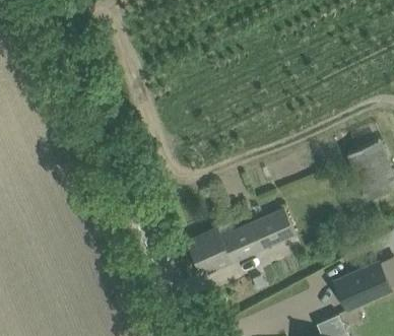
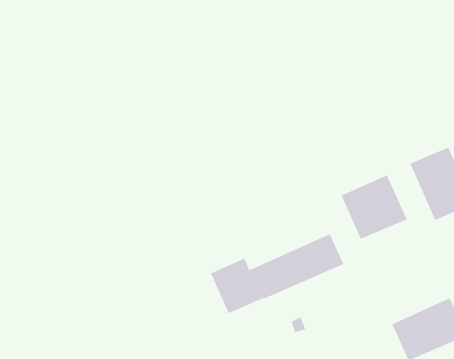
building: none -> [341,174,408,240]

